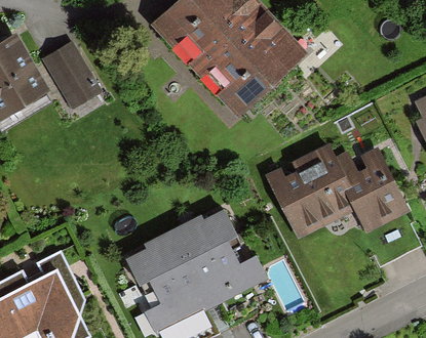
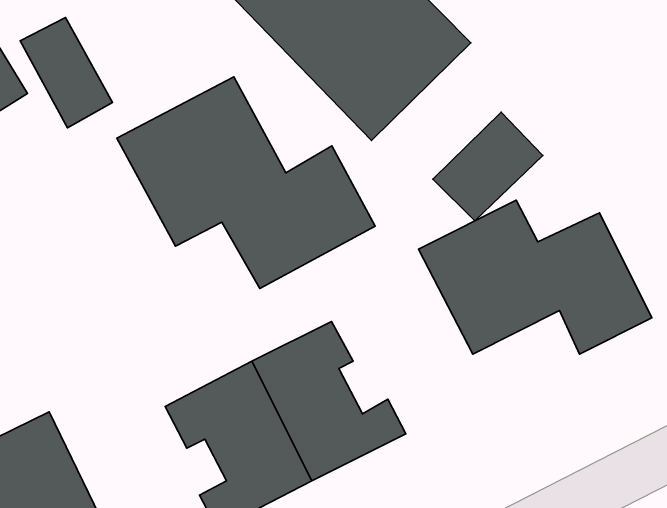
building: none -> [117,77,375,288]
building: none -> [433,112,543,221]

